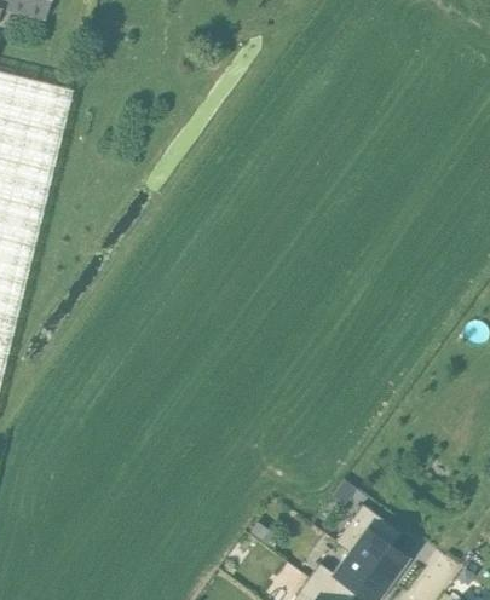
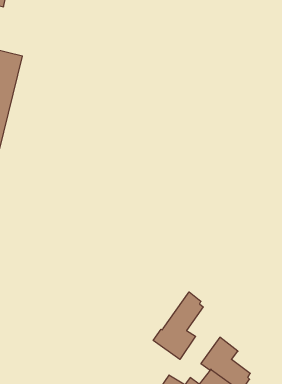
building: none -> [153,292,203,359]

